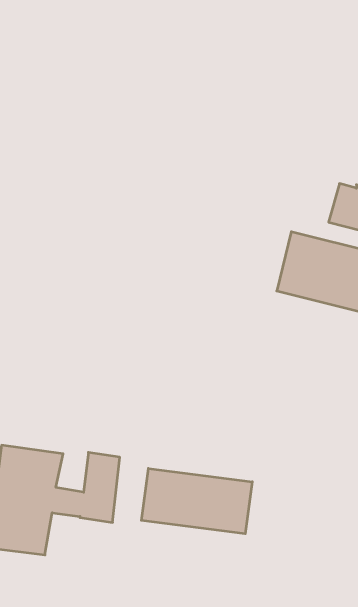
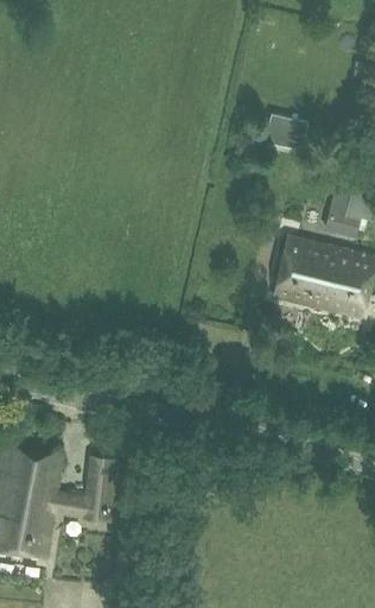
building: none -> [265,110,307,146]
building: [141,468,252,534] -> none

